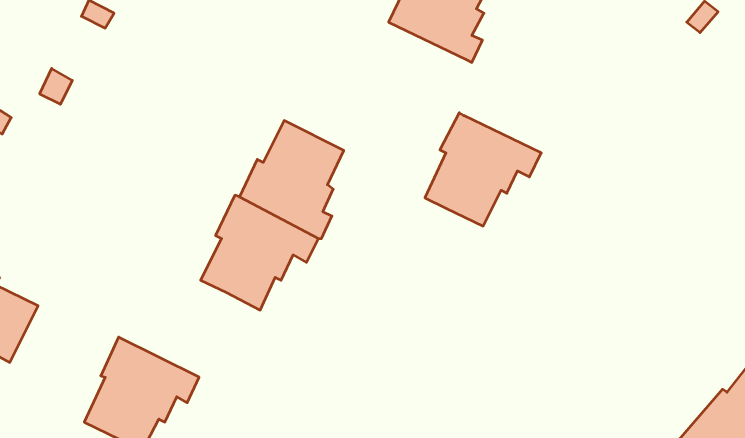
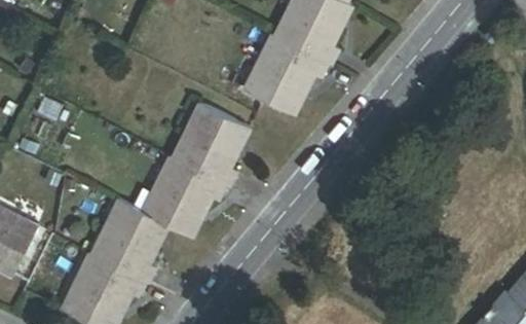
building: [425,113,541,226] -> [249,34,329,112]
building: none -> [89,202,163,282]

